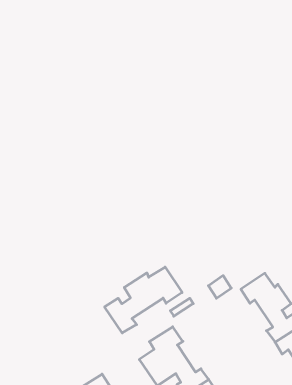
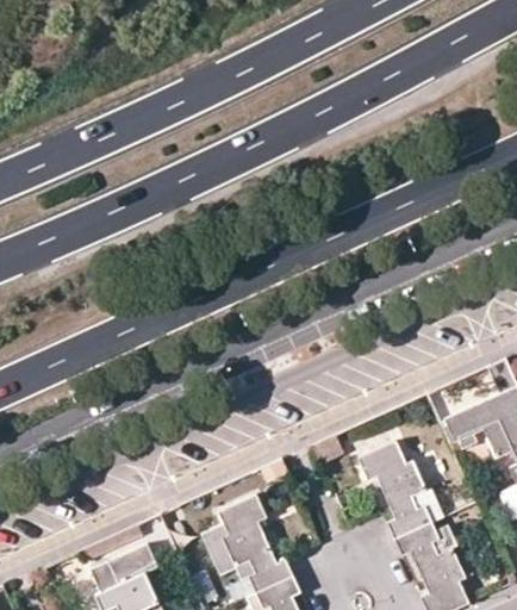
building: [105,267,182,333] -> none

